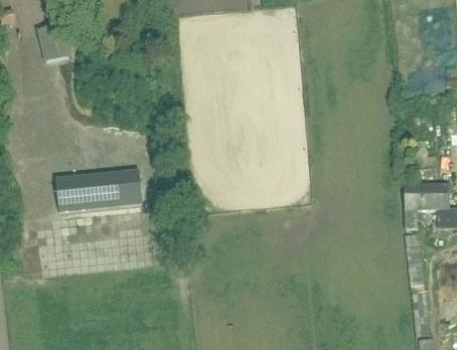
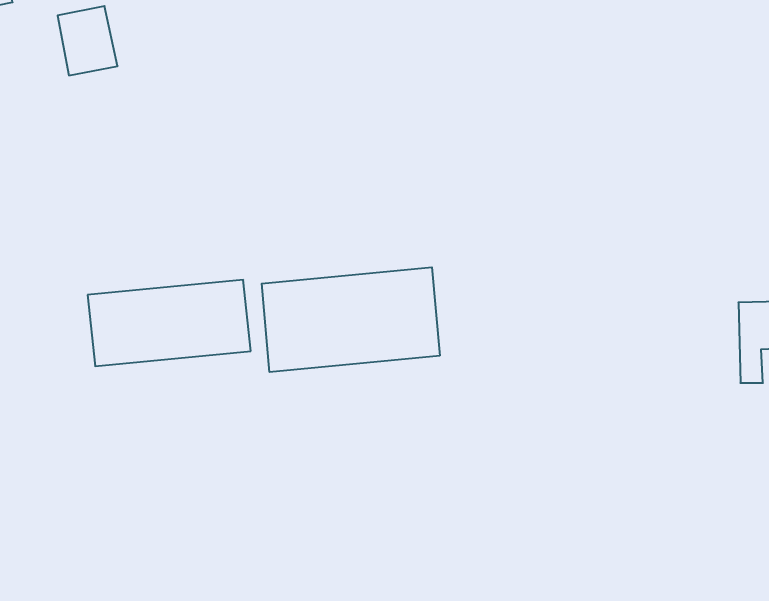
building: none -> [262,267,440,372]

